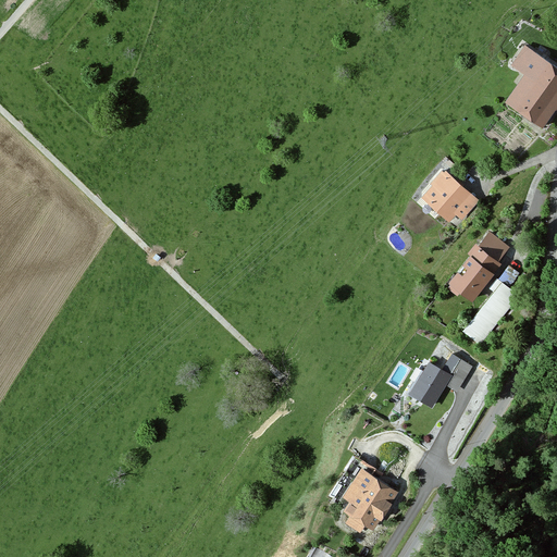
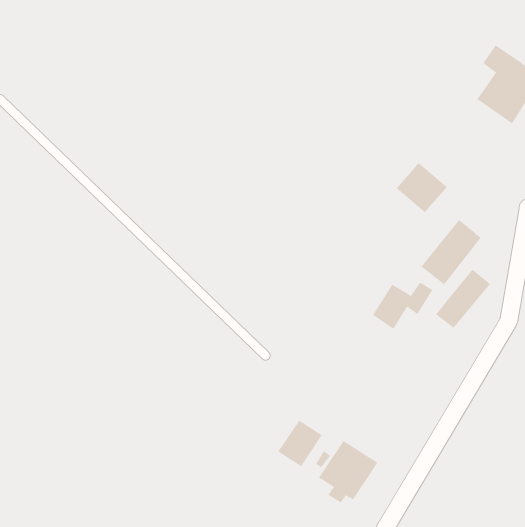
building: [411,356,475,406] -> [372,282,433,329]
building: none -> [278,420,323,467]

